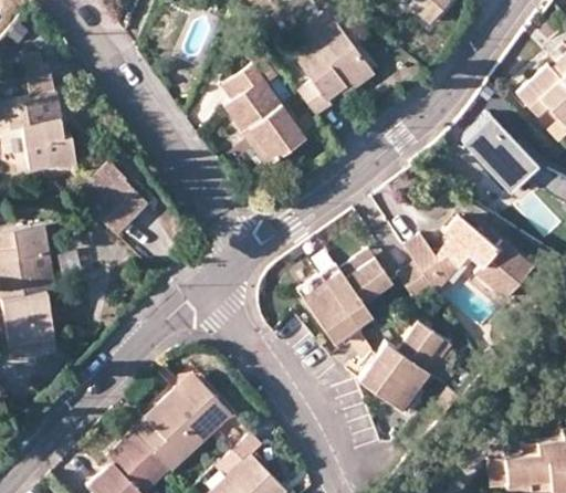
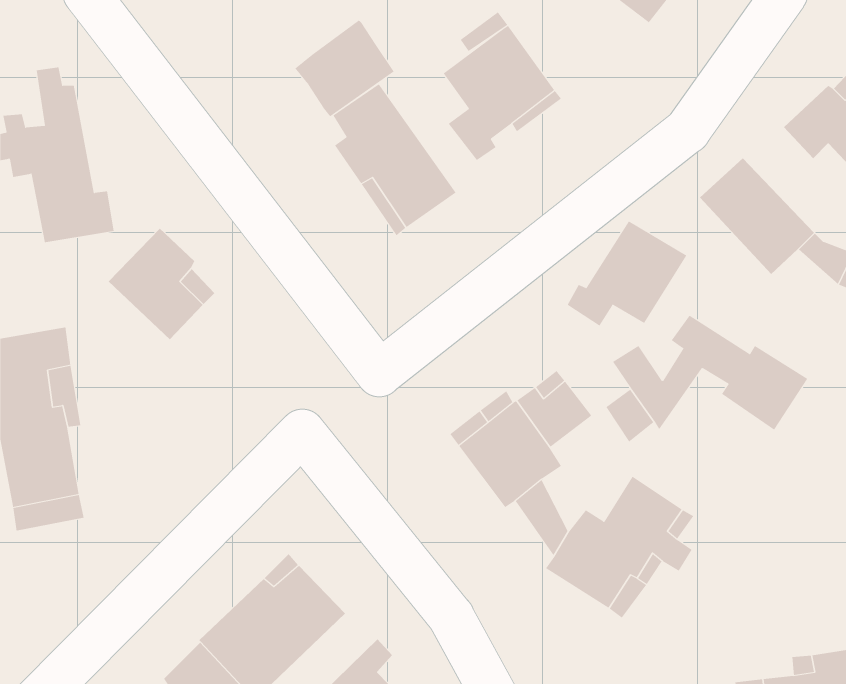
building: none -> [295,19,395,117]
building: none -> [567,220,687,327]

